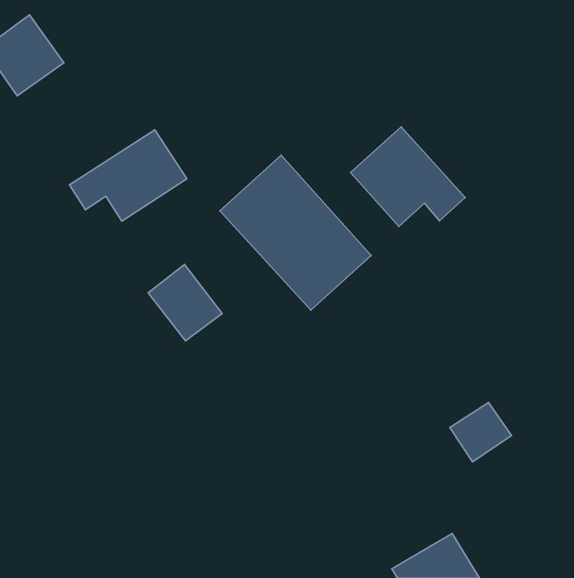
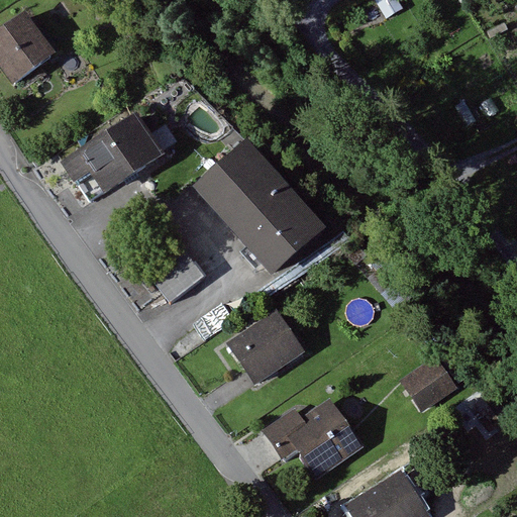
building: [350,127,465,227] -> none
building: none -> [225,308,303,384]
building: none -> [256,398,358,474]

